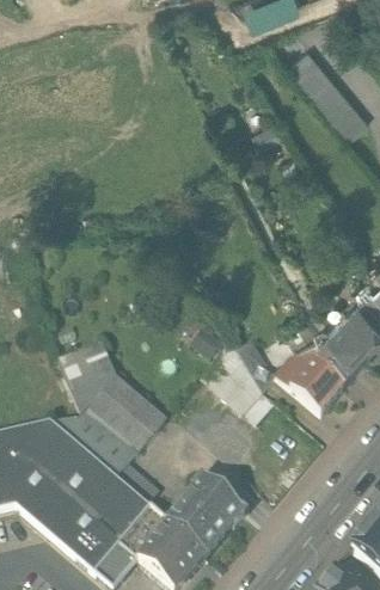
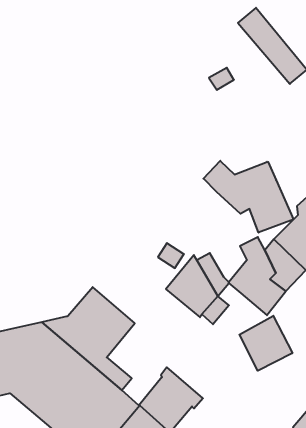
building: none -> [203,161,294,233]
building: [60,344,168,425] -> none
building: none -> [239,316,292,371]

